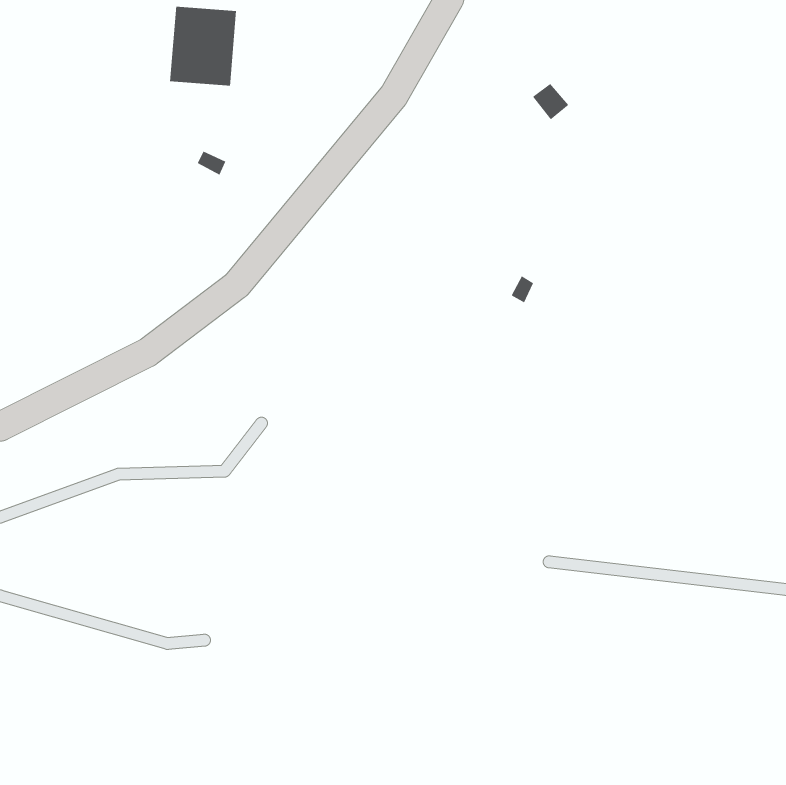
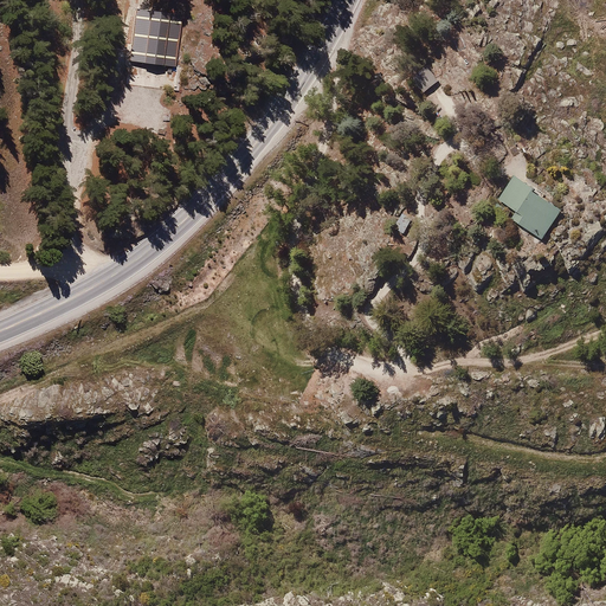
building: none -> [497,175,561,238]

